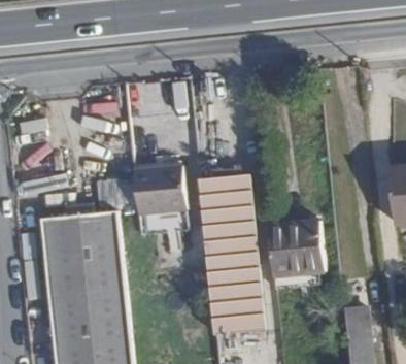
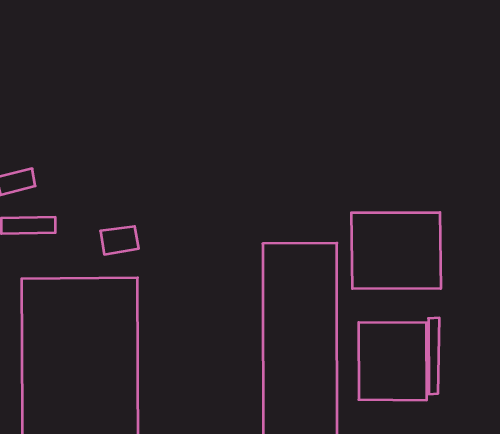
building: none -> [351,212,441,289]
building: [132,169,188,237] -> none

